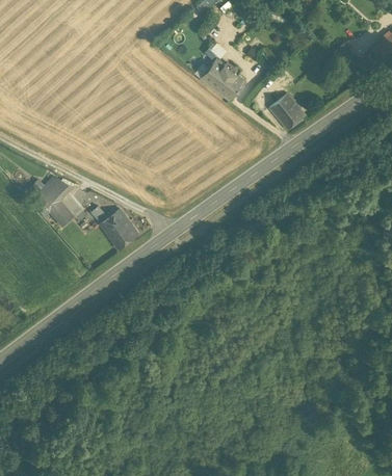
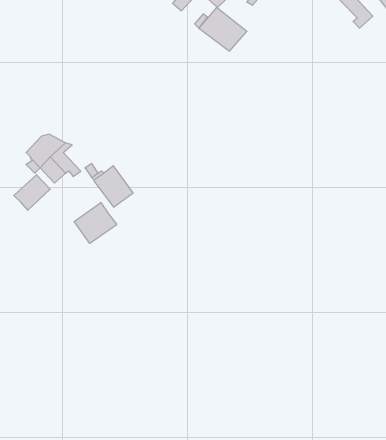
building: [268,90,304,128] -> none
building: none -> [14,175,50,210]
building: none -> [74,202,116,243]

